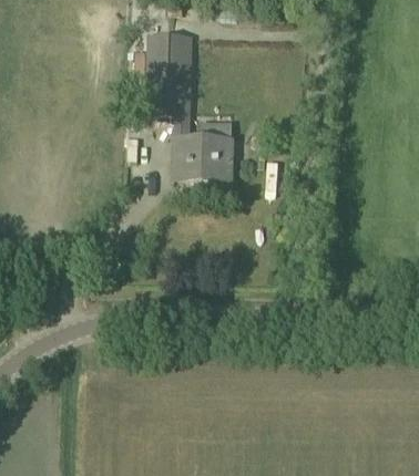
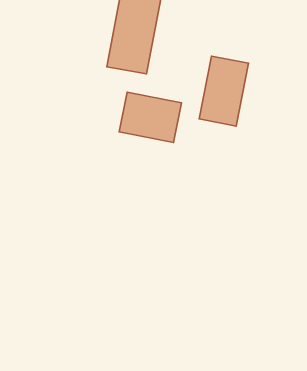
building: none -> [199,56,248,126]

